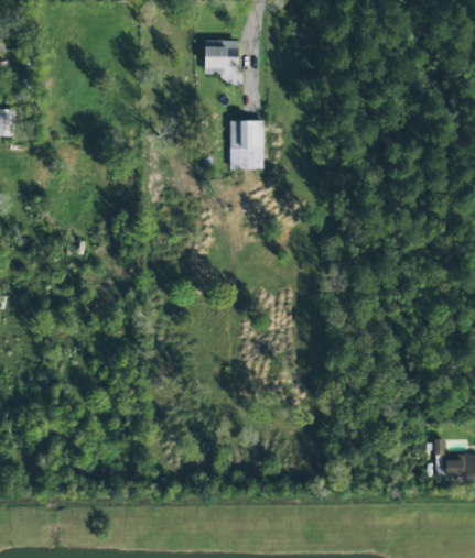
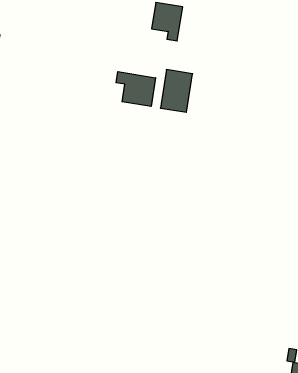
building: none -> [116,72,156,106]

